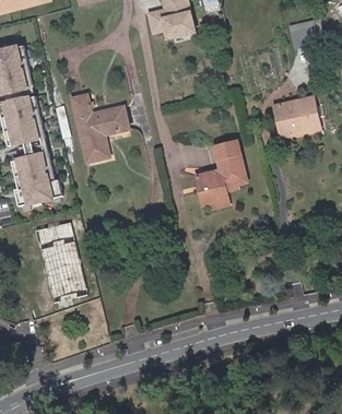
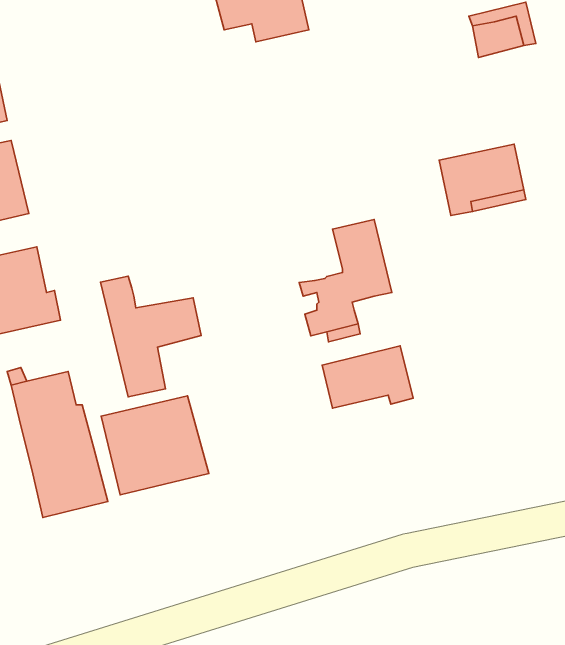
building: [72,93,128,159] -> [100,276,201,397]
building: none -> [322,346,413,408]
building: none -> [101,396,209,495]

